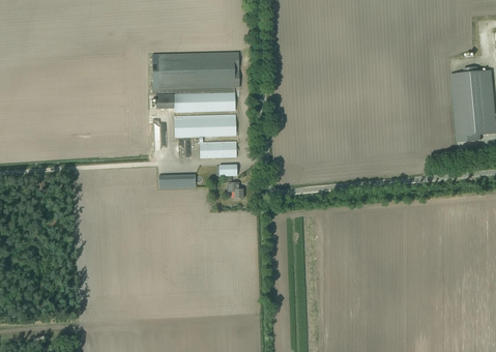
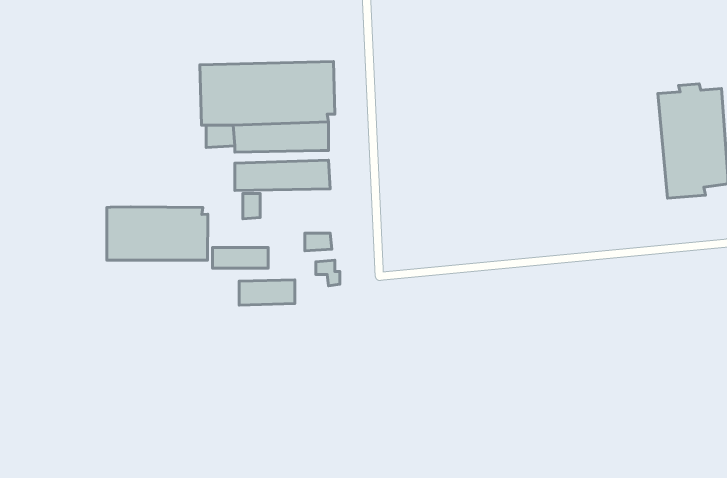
building: [200,141,236,157] -> [239,280,295,305]
building: none -> [107,207,208,260]

